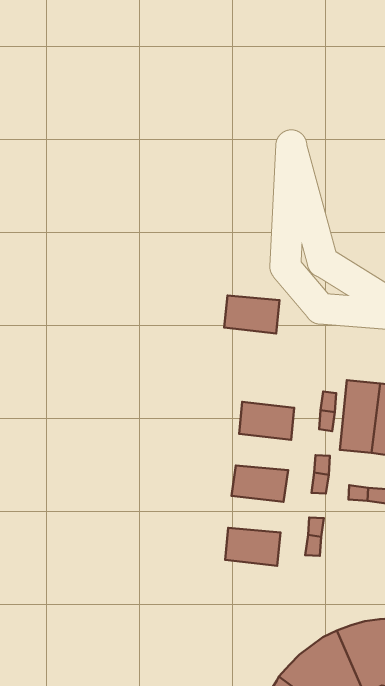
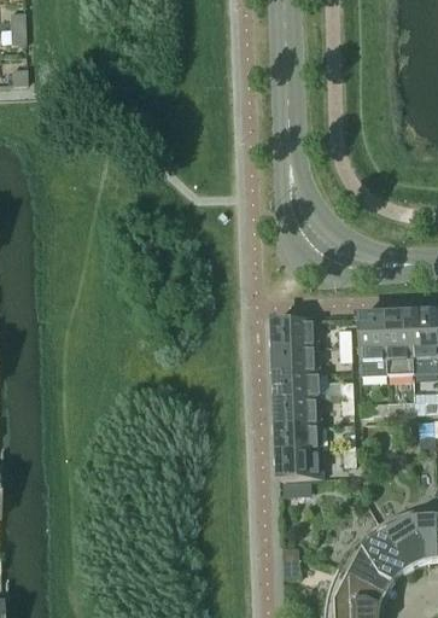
building: [224,295,280,333] -> [275,317,320,346]
building: none -> [278,372,322,400]
building: none -> [279,424,323,451]

